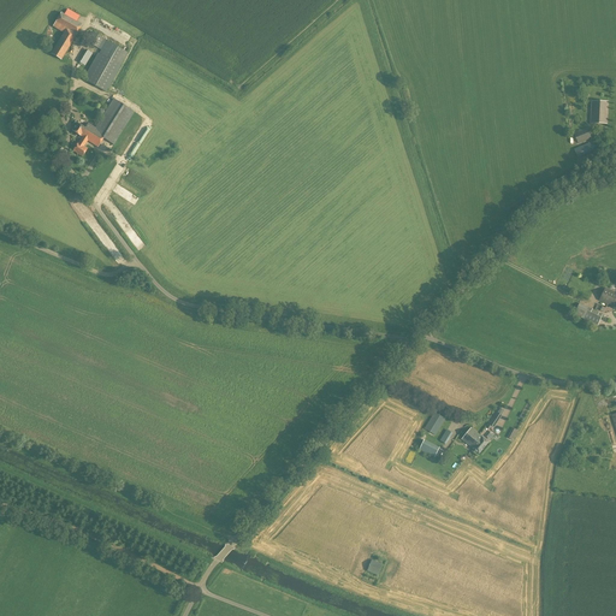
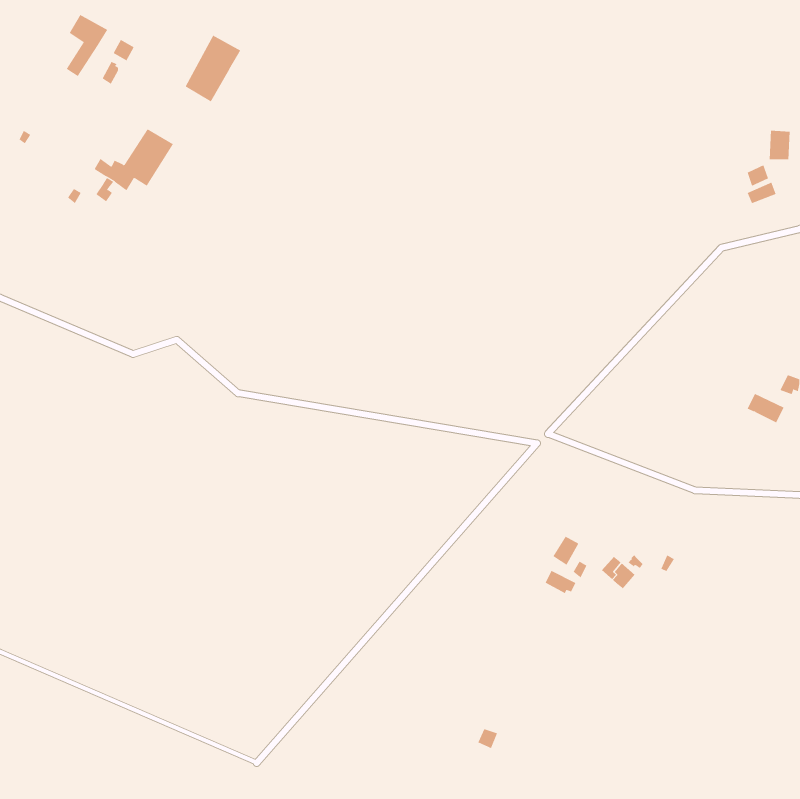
building: [84,40,128,91] -> [185,35,241,102]

